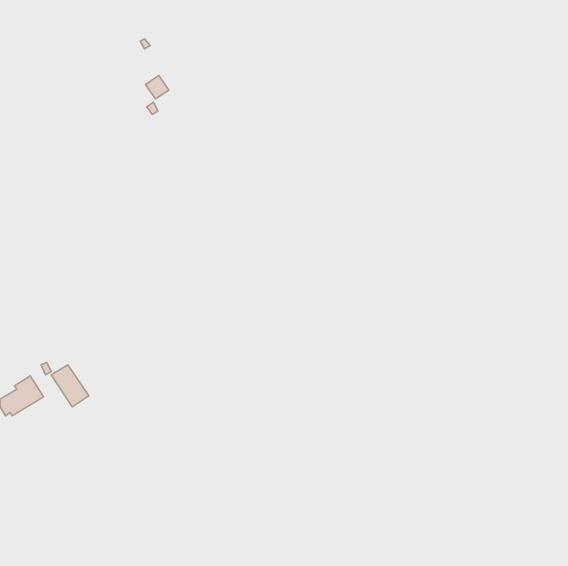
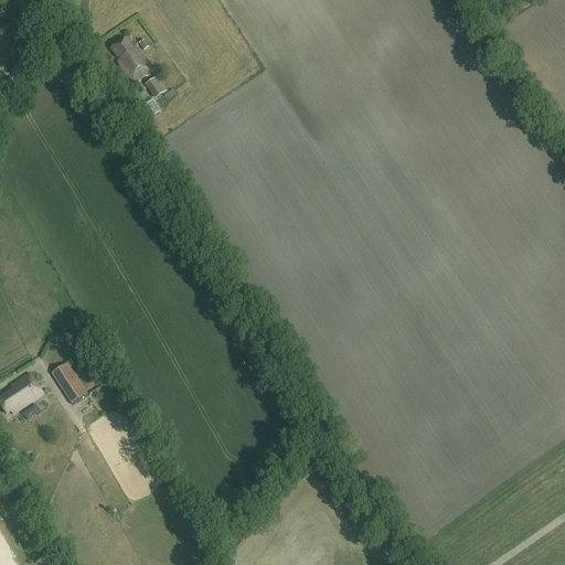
building: none -> [110,36,154,85]

